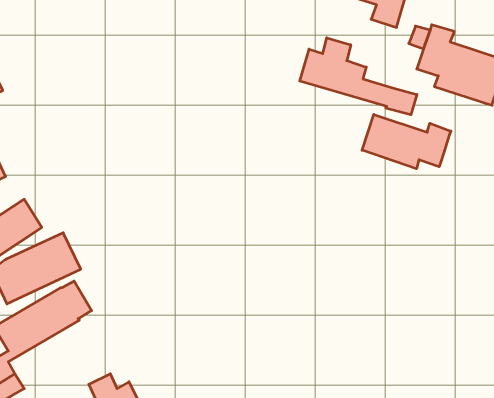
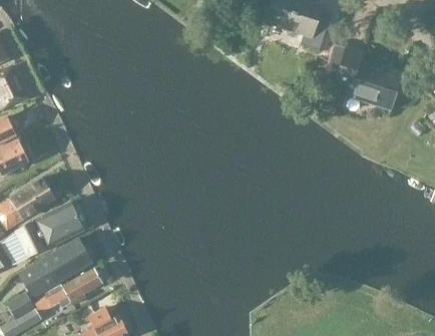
building: [300,38,417,115] -> none
building: [362,114,451,169] -> none
building: none -> [33,269,102,314]

